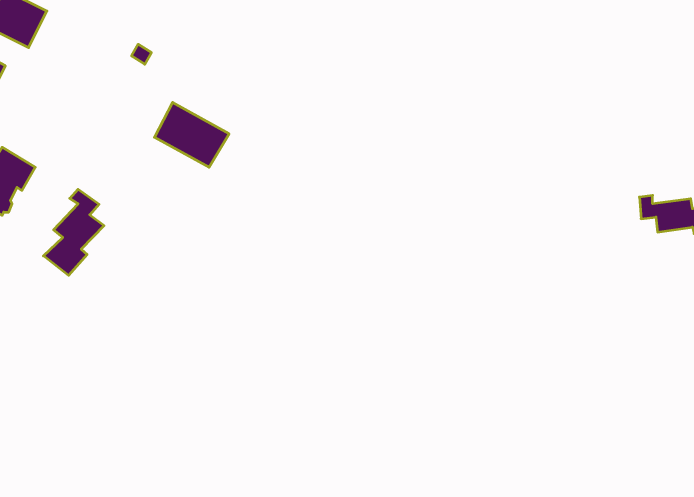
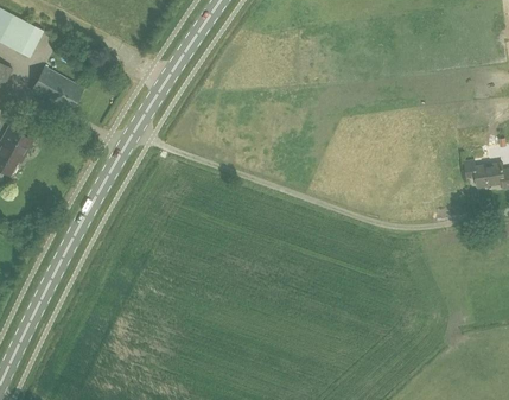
building: [154,102,229,167] -> [31,65,84,112]
building: [43,189,104,275] -> none

